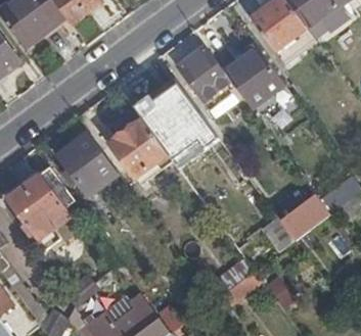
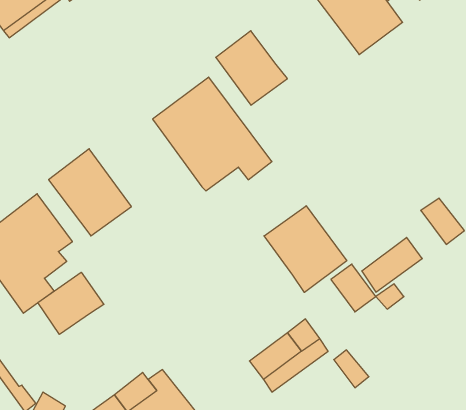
building: [222,46,283,108] -> none
building: [106,118,168,182] -> none
building: none -> [264,206,347,292]
building: none -> [38,272,104,334]

